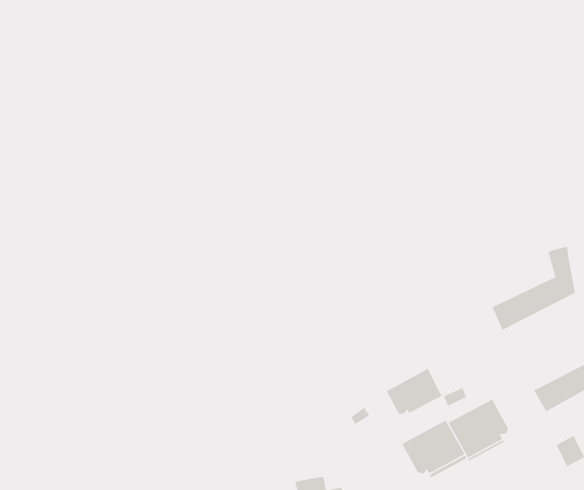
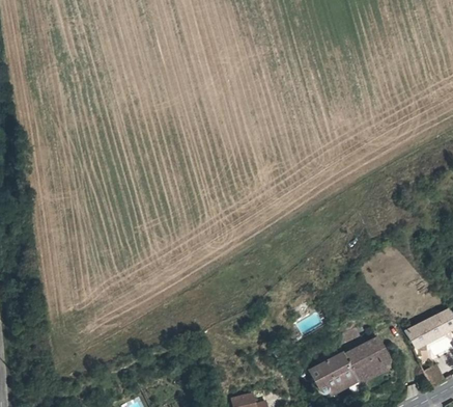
building: [492,245,576,331] -> none
building: [386,368,443,415] -> none

